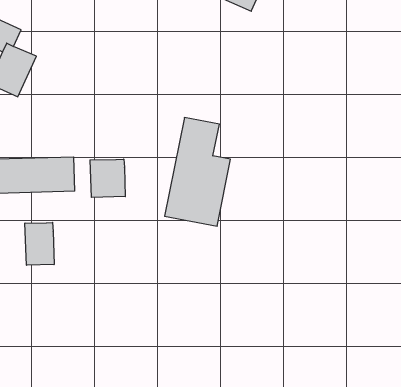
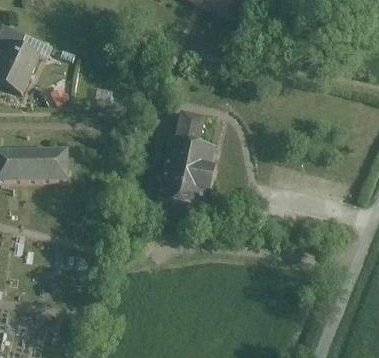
building: [90,159,125,197] -> none
building: [25,222,54,265] -> none

